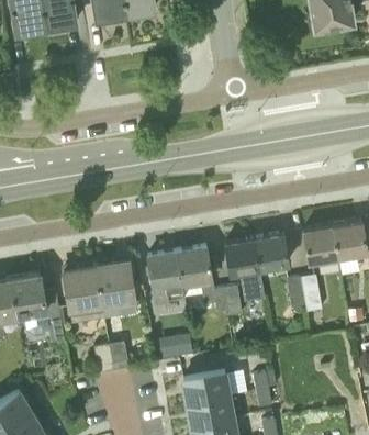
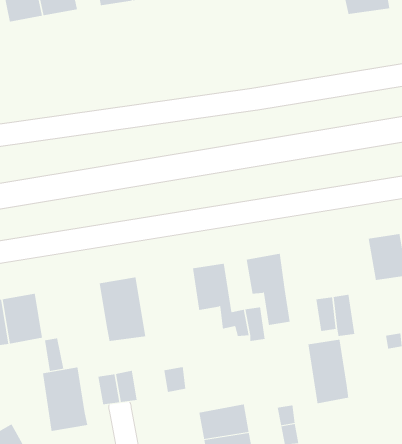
building: [303,225,339,268] -> none
building: [256,234,289,270] -> none
building: [147,252,185,304] -> none
building: [64,265,104,322] -> [42,367,88,432]
building: none -> [308,339,349,404]

